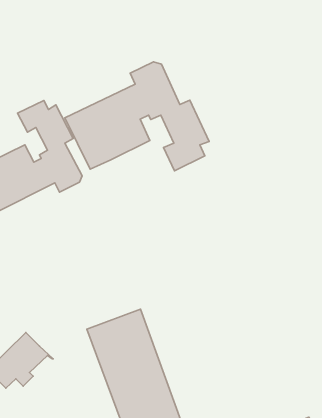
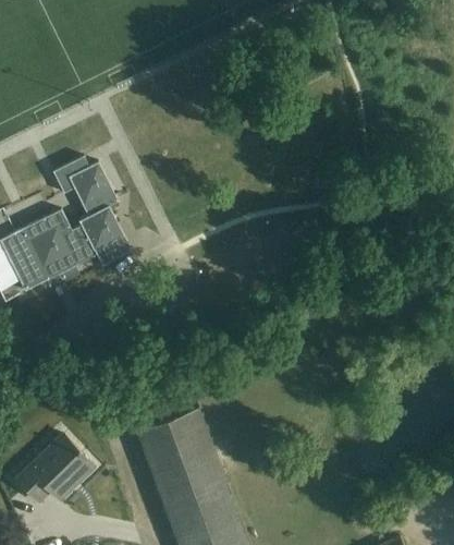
building: [65,62,209,171] -> none

